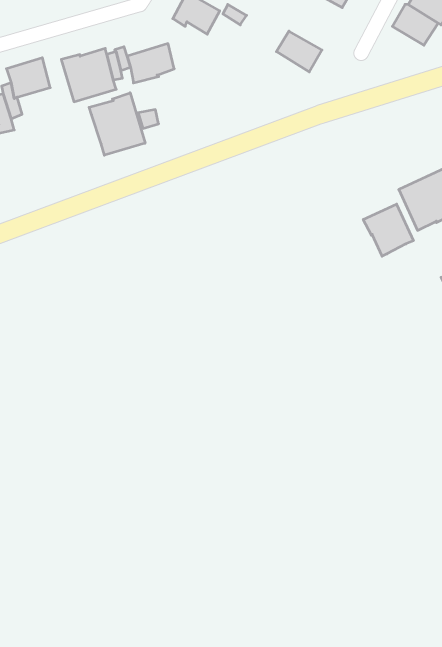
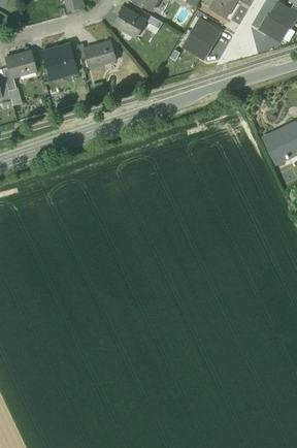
building: none -> [192,19,222,45]
building: [89,93,145,155] -> none
building: [363,204,413,256] -> none

